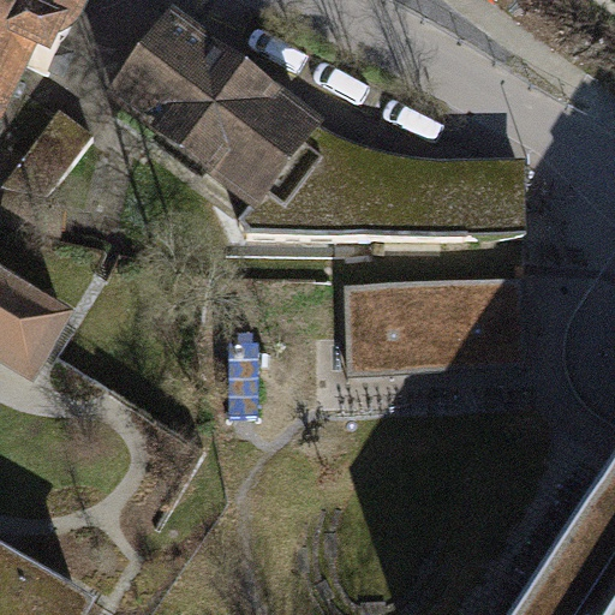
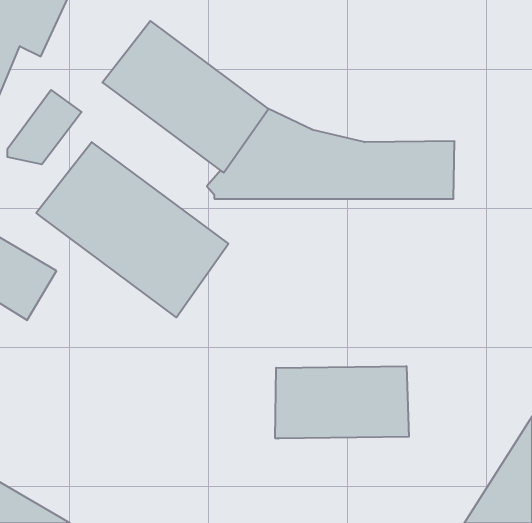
building: none -> [36,142,228,317]
building: [345,276,525,370] -> none
building: none -> [275,366,409,439]

